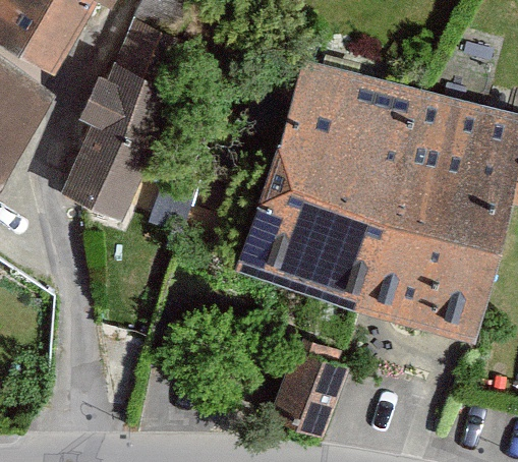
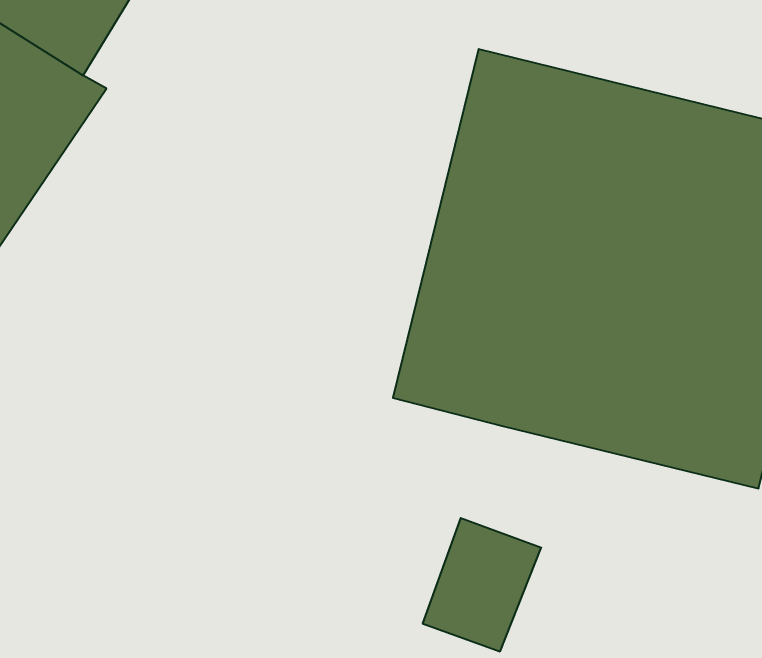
building: [73,48,180,211] -> none

